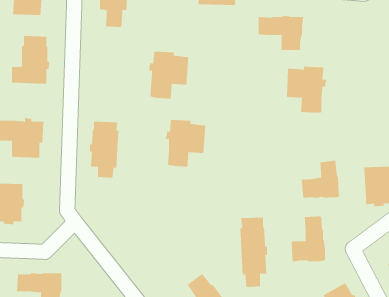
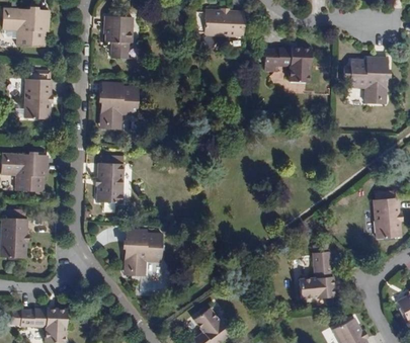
building: [148,51,189,99] -> [98,82,140,131]
building: [286,66,327,113] -> [349,55,391,102]
building: [165,119,206,167] -> [121,229,163,277]
building: [301,160,339,199] -> none
building: [240,217,268,288] -> none

